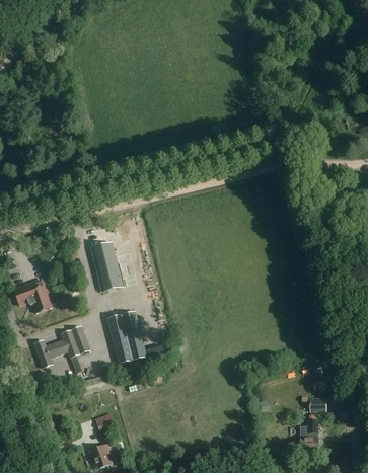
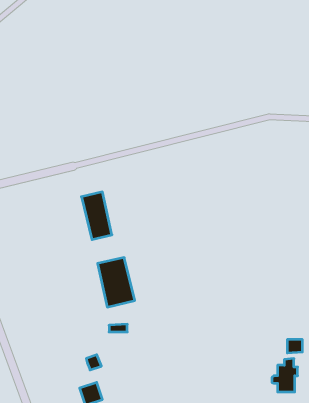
building: [13,279,51,312] -> none
building: [32,325,90,367] -> none

